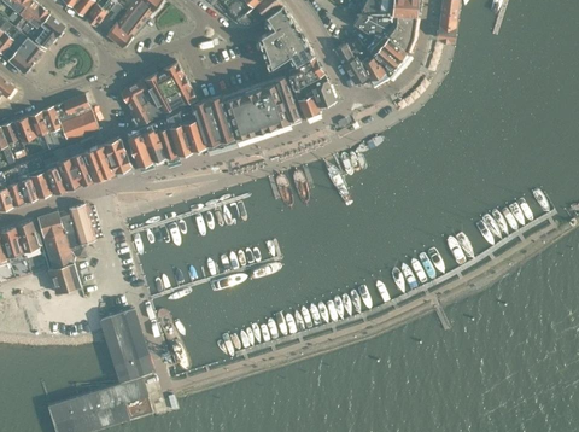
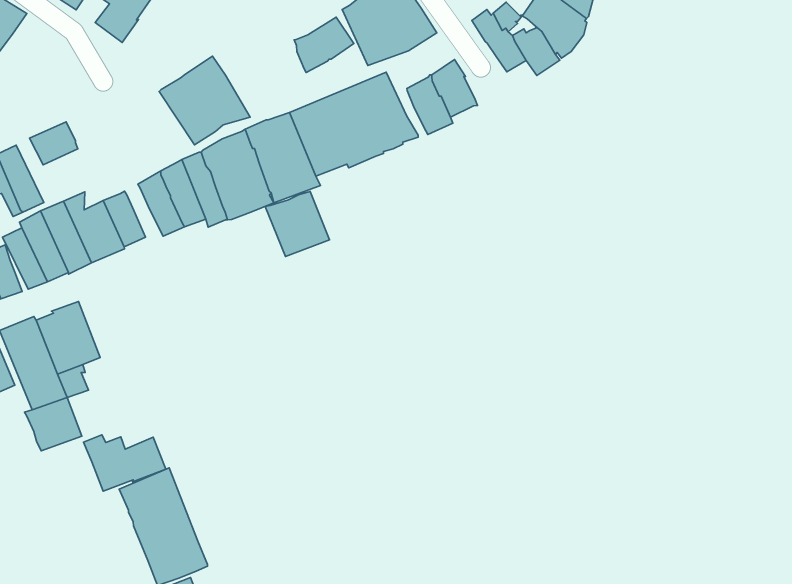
building: [287,56,323,88] -> [294,17,354,73]
building: [119,80,162,125] -> none
building: [53,103,99,142] -> none
building: none -> [265,192,329,256]
building: none -> [83,435,166,491]

